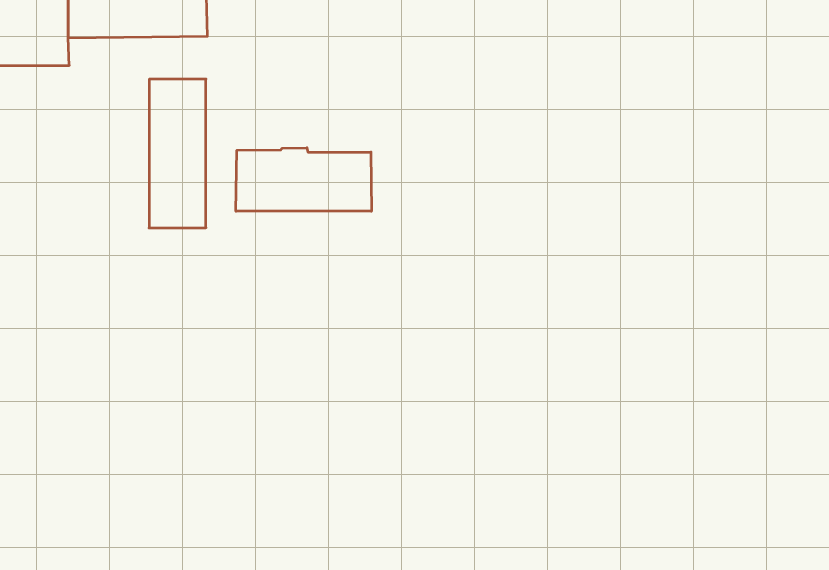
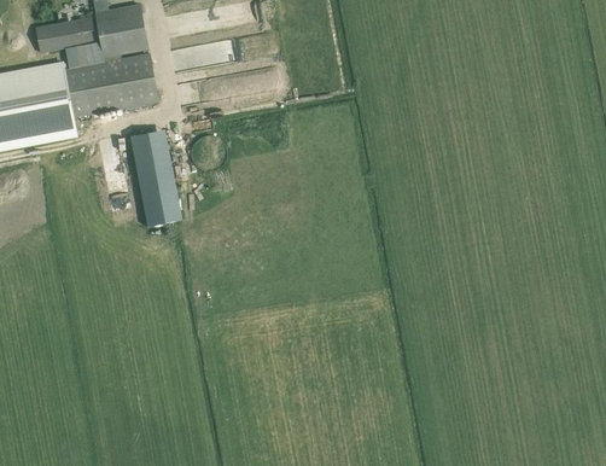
building: [236,148,371,211] -> none

